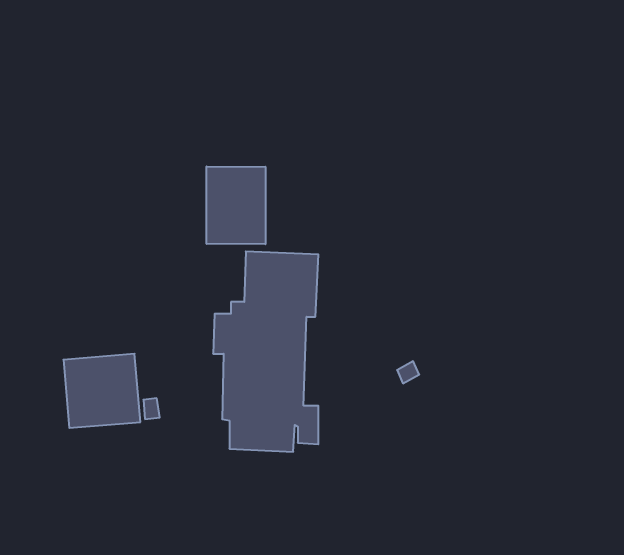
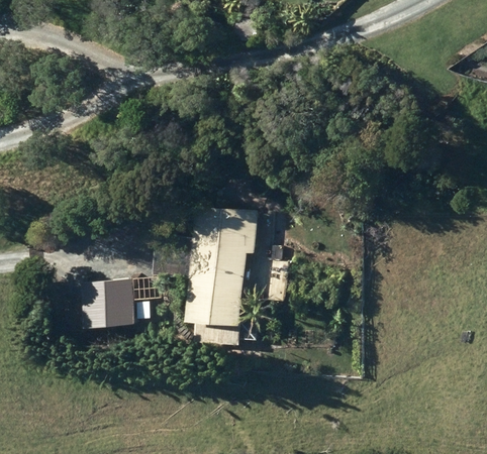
building: [207,166,265,244] -> none

